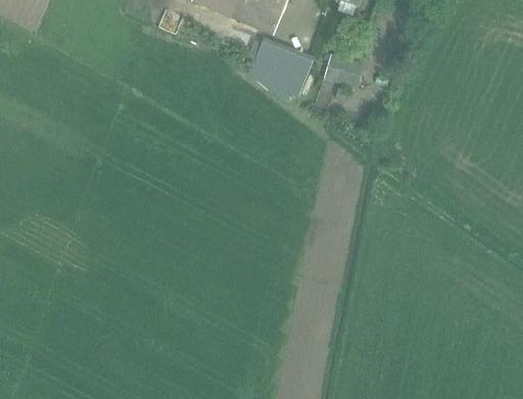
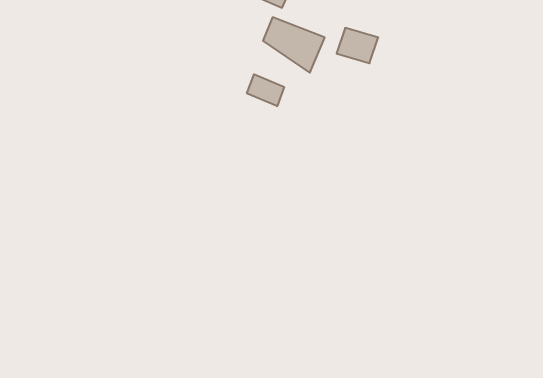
building: none -> [247,74,284,106]

